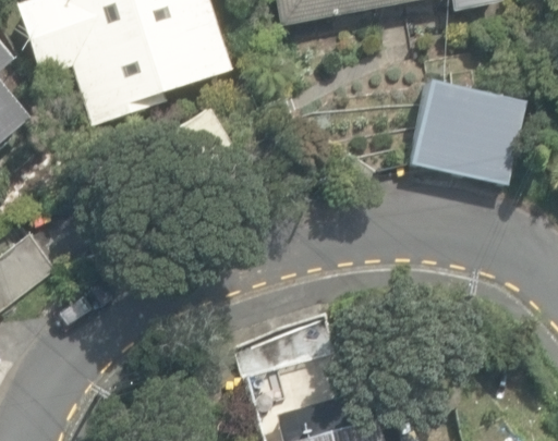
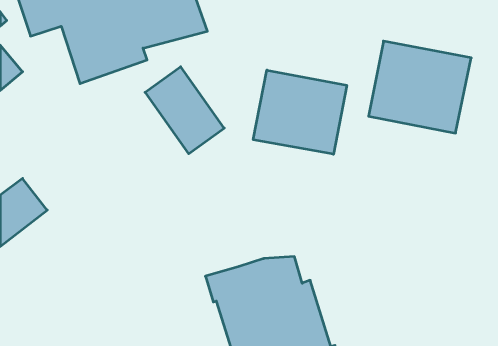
building: none -> [253,70,347,154]

